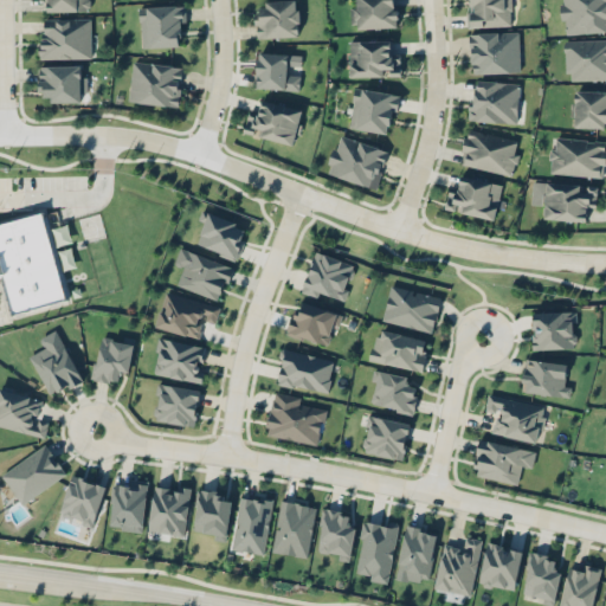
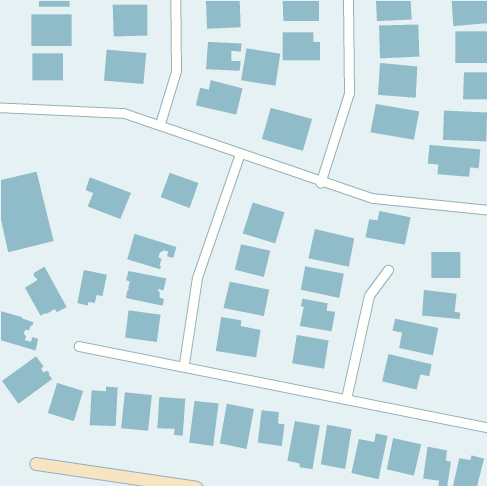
building: [348,88,399,136] -> [240,47,281,87]
building: [445,176,503,220] -> [365,210,411,245]
building: [175,249,234,303] -> [84,176,132,220]

